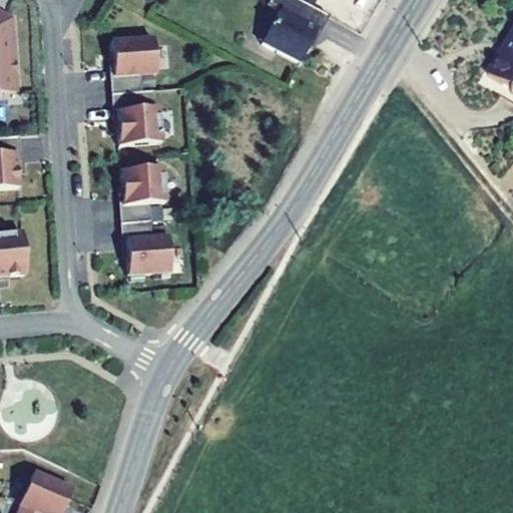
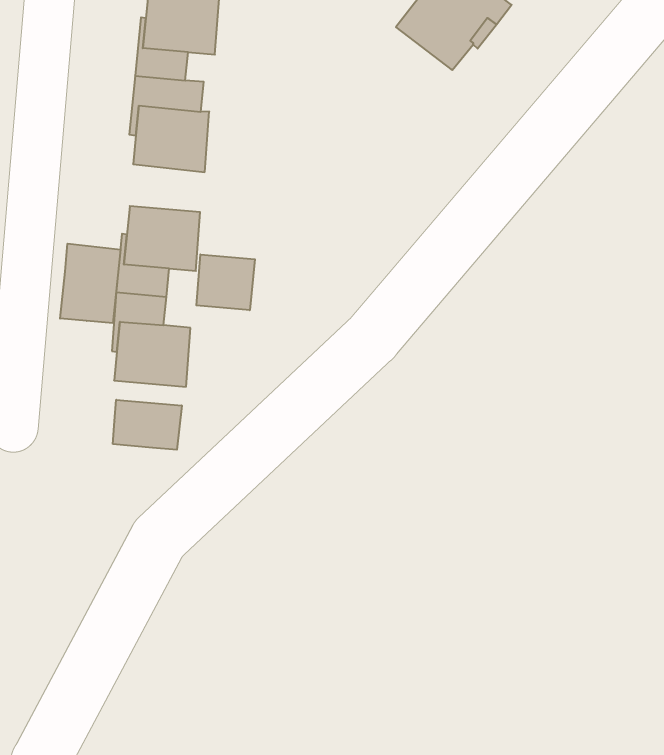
building: none -> [196,254,255,310]
building: none -> [60,244,120,323]
building: none -> [113,400,182,450]

